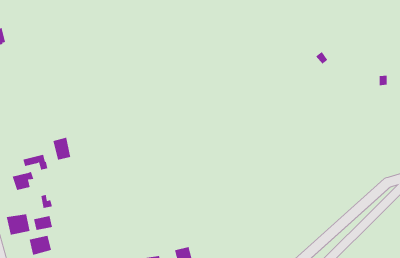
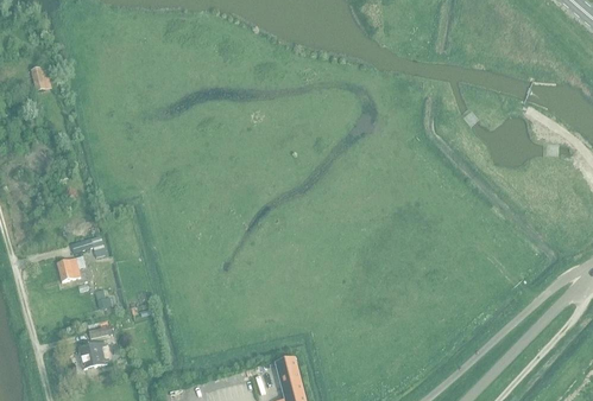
building: [53,137,71,161] -> none
building: [6,213,30,236] -> none

